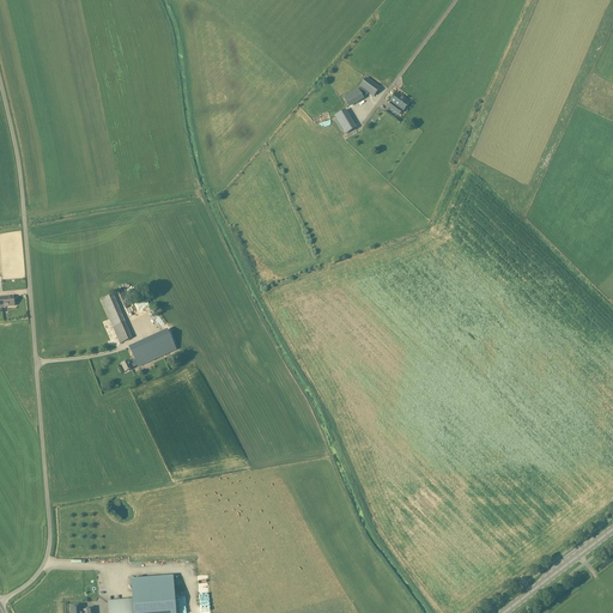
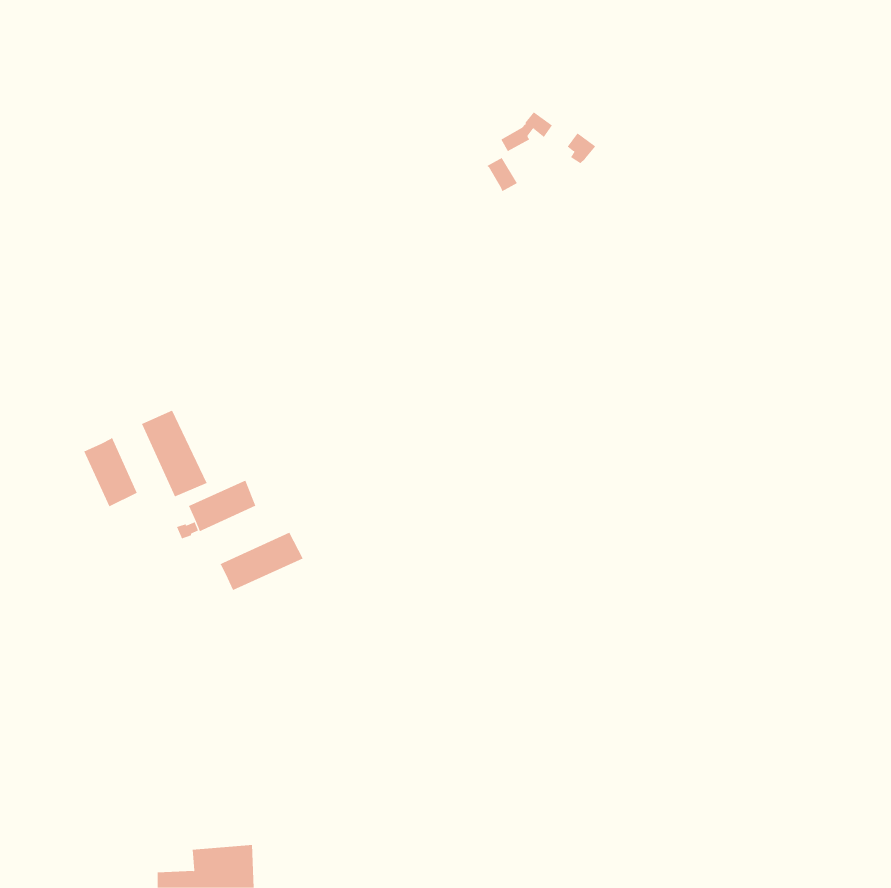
building: none -> [84,437,138,507]
building: none -> [219,532,303,591]

